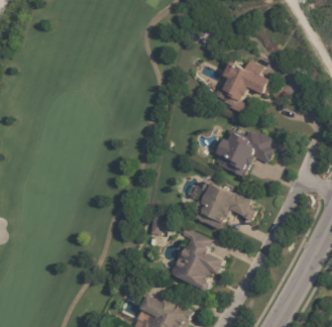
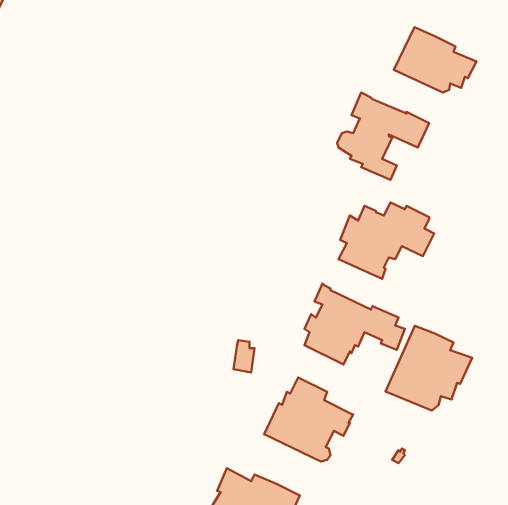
building: none -> [394,27,476,92]
building: none -> [385,326,472,411]

